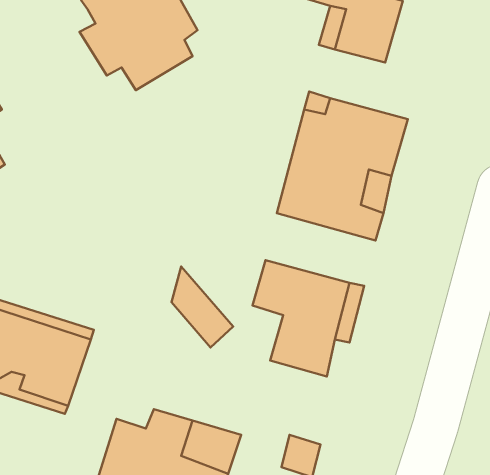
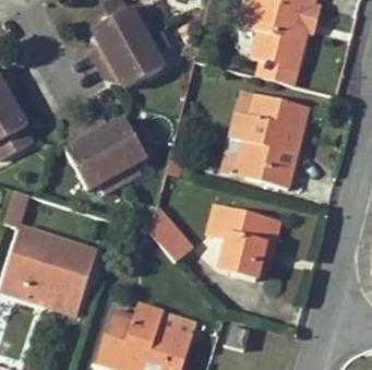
building: none -> [63,112,146,190]

